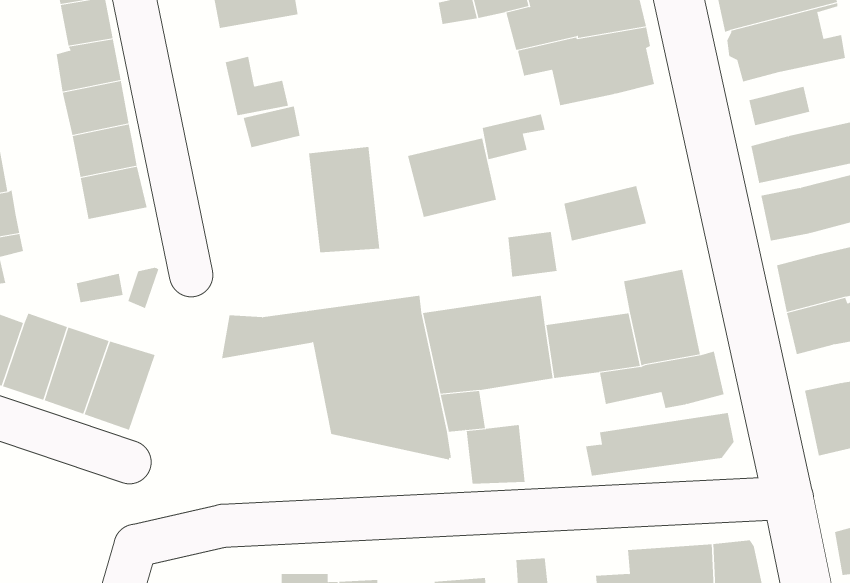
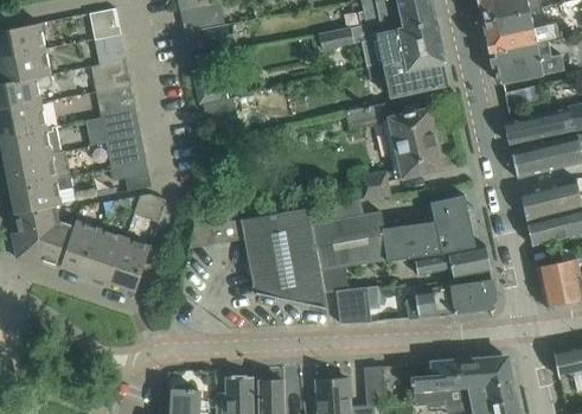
building: [407,138,497,218] -> [384,108,437,155]
building: [308,146,380,253] -> none
building: none -> [110,158,152,191]

